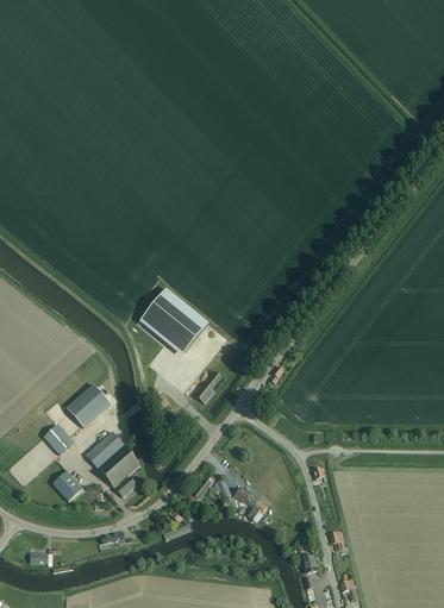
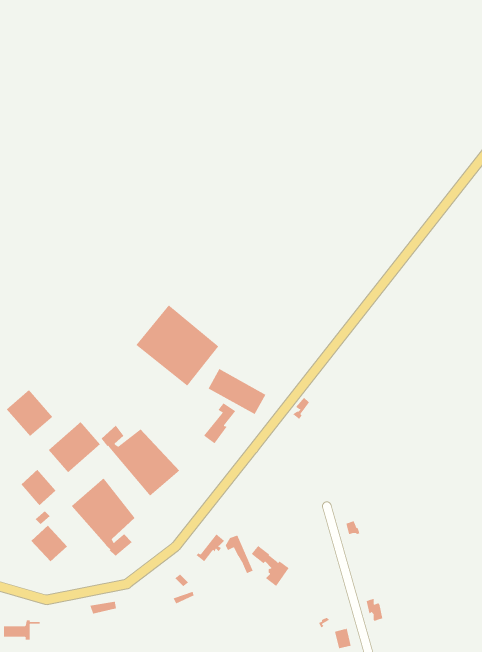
building: none -> [208,368,266,415]
building: none -> [6,389,53,437]
building: none -> [101,425,180,497]

